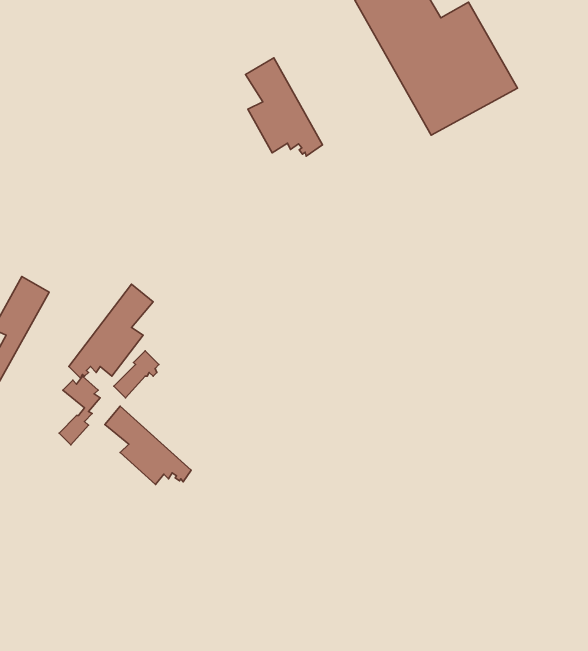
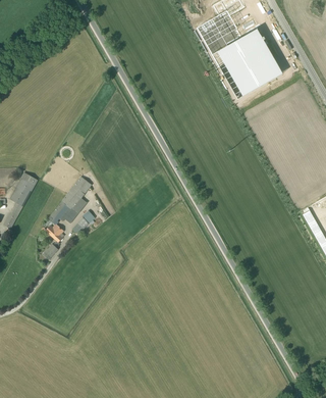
building: [245,58,322,156] -> none
building: [105,406,191,484] -> none

